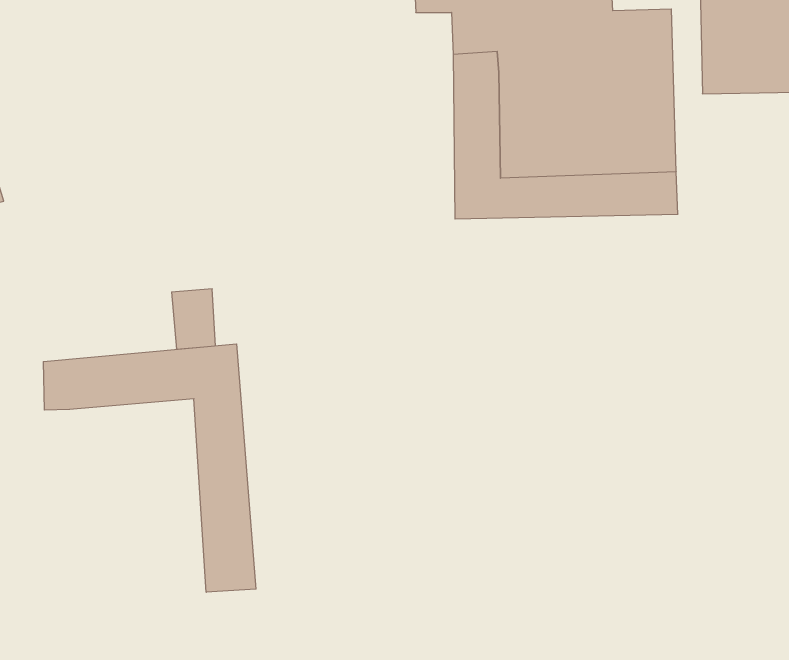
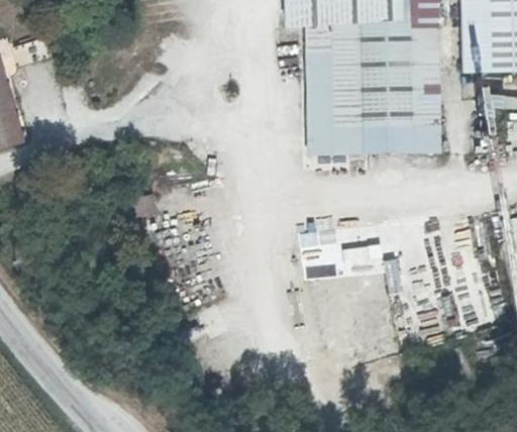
building: [43,344,256,592] -> none

